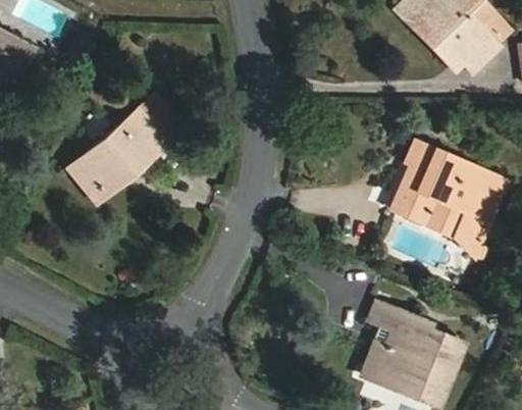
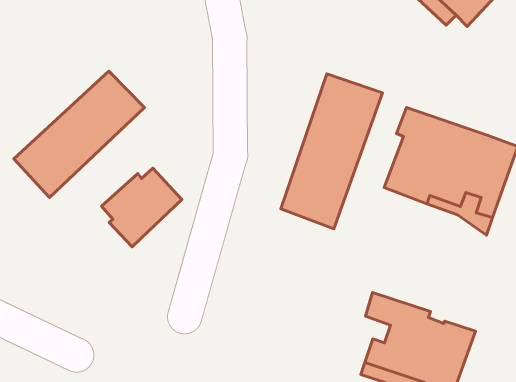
building: none -> [281,74,383,229]
building: none -> [102,168,182,247]

